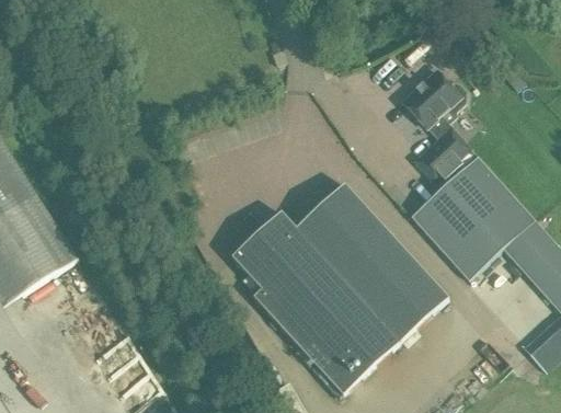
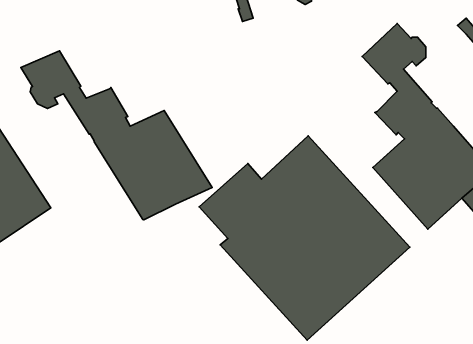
building: none -> [21,51,212,220]

